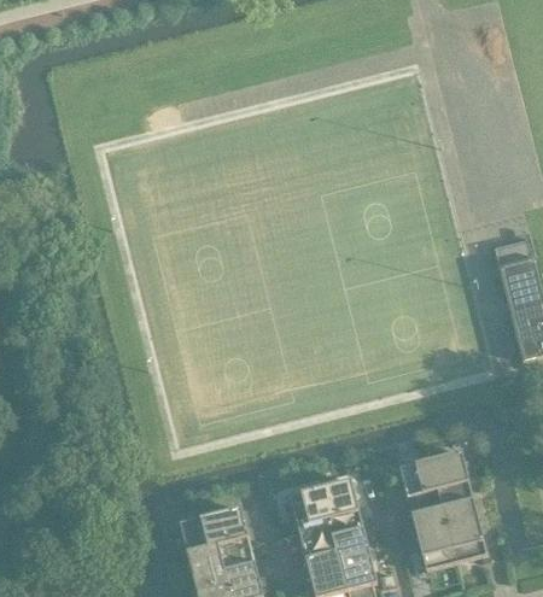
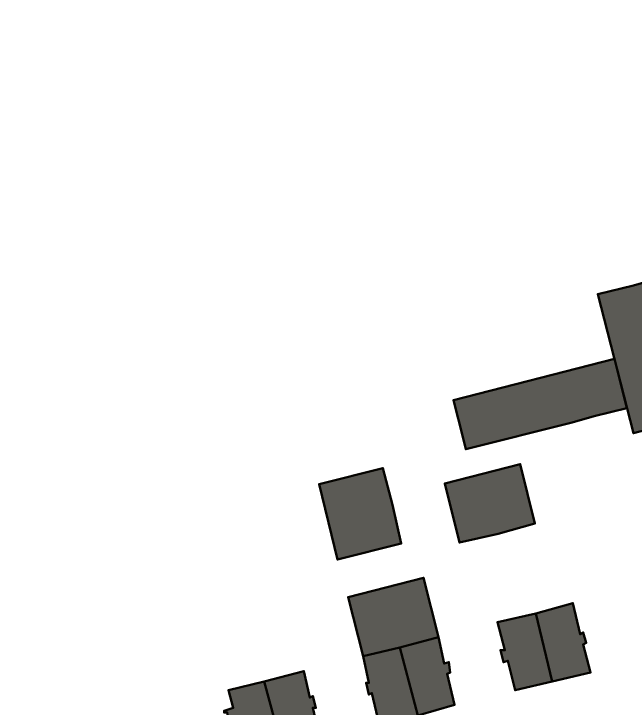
building: none -> [453,359,627,449]
building: none -> [319,468,401,560]
building: [399,451,473,515] -> [445,464,535,543]
building: [180,507,253,570] -> none

